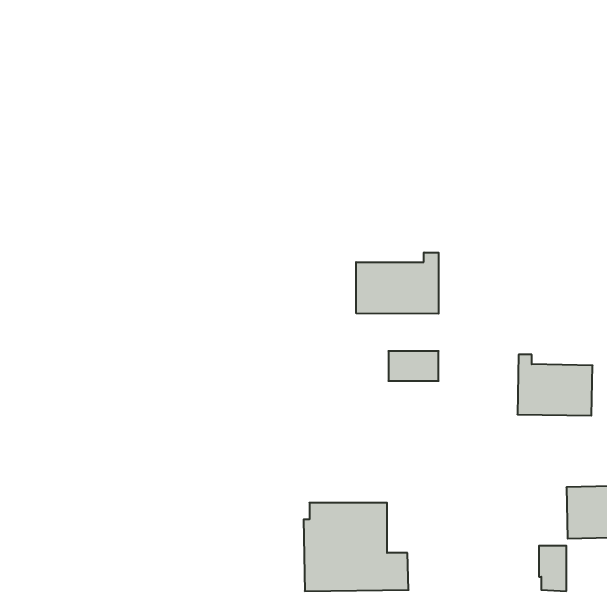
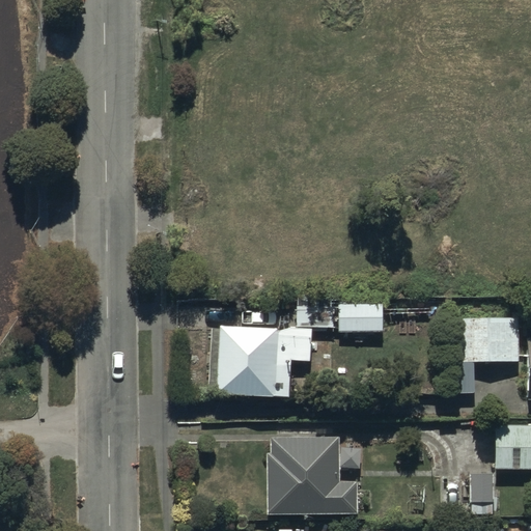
building: [356,252,439,314] -> none
building: none -> [209,304,336,396]

